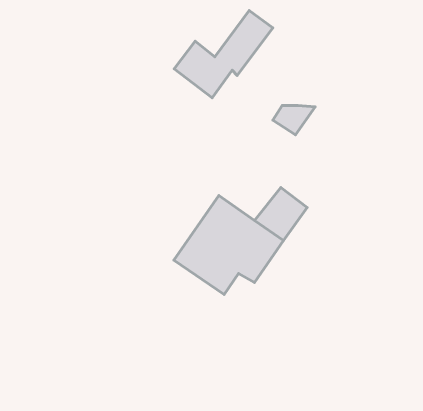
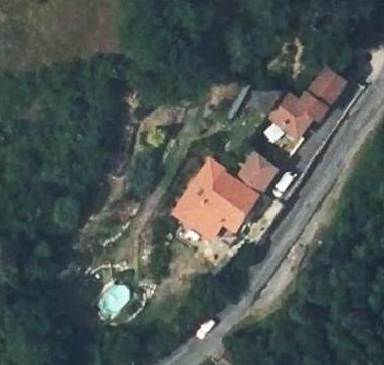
building: [174,11,273,98] -> [269,69,346,136]

